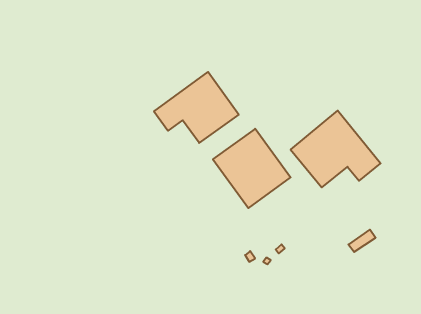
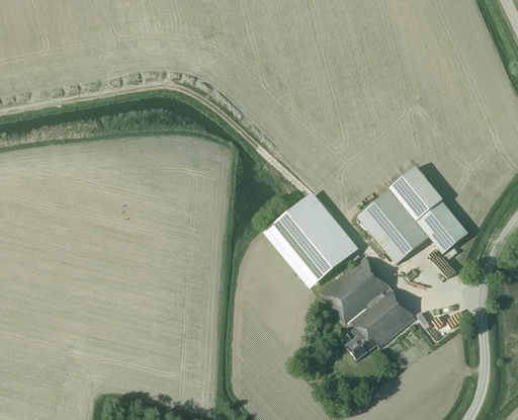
building: [154,72,239,143] -> none
building: none -> [320,256,415,359]

